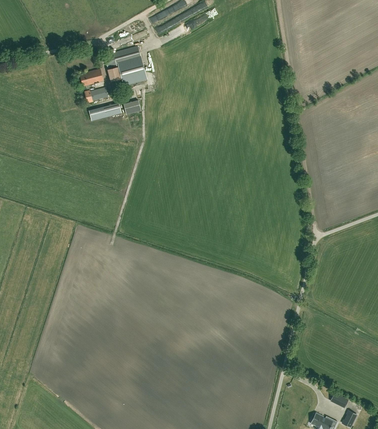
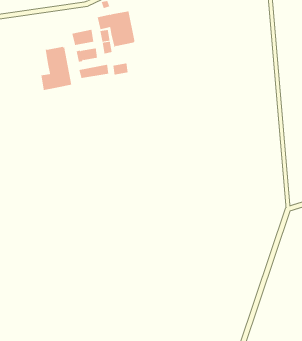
building: none -> [41,43,72,91]

